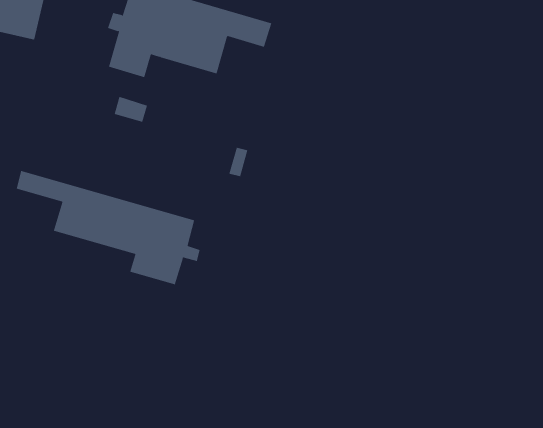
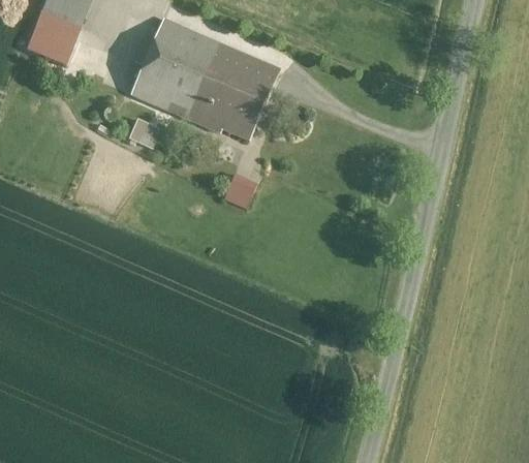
building: none -> [169,78,272,137]
building: [16,170,200,285] -> none

